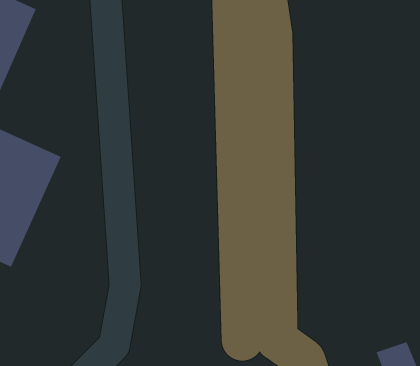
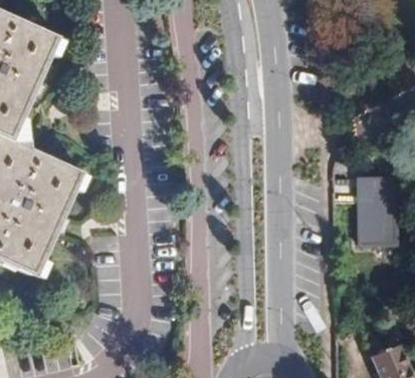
building: none -> [361,179,400,247]

